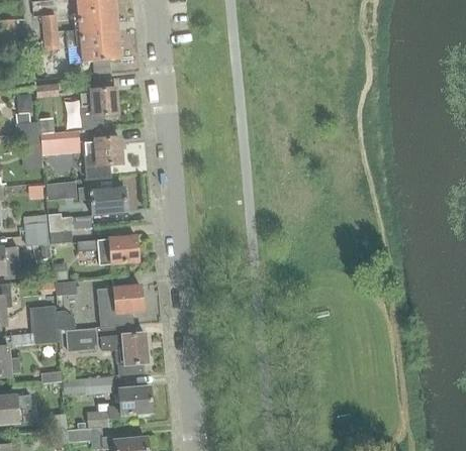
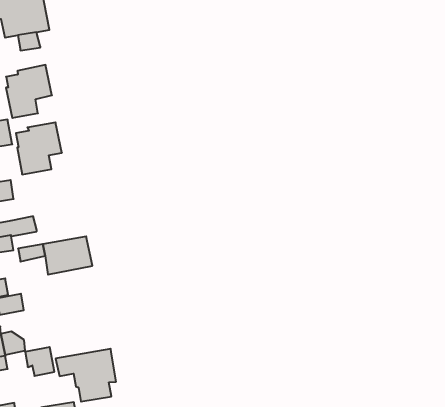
building: [78,187,125,215] -> none
building: [97,284,143,327] -> none

